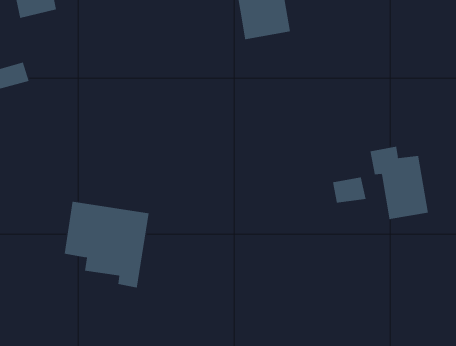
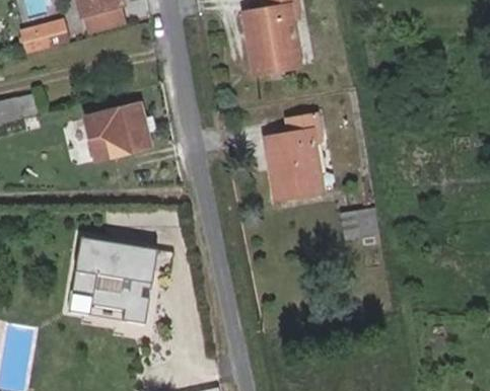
building: none -> [89,104,148,160]
building: none -> [265,115,321,198]
building: [370,146,428,220] -> none

